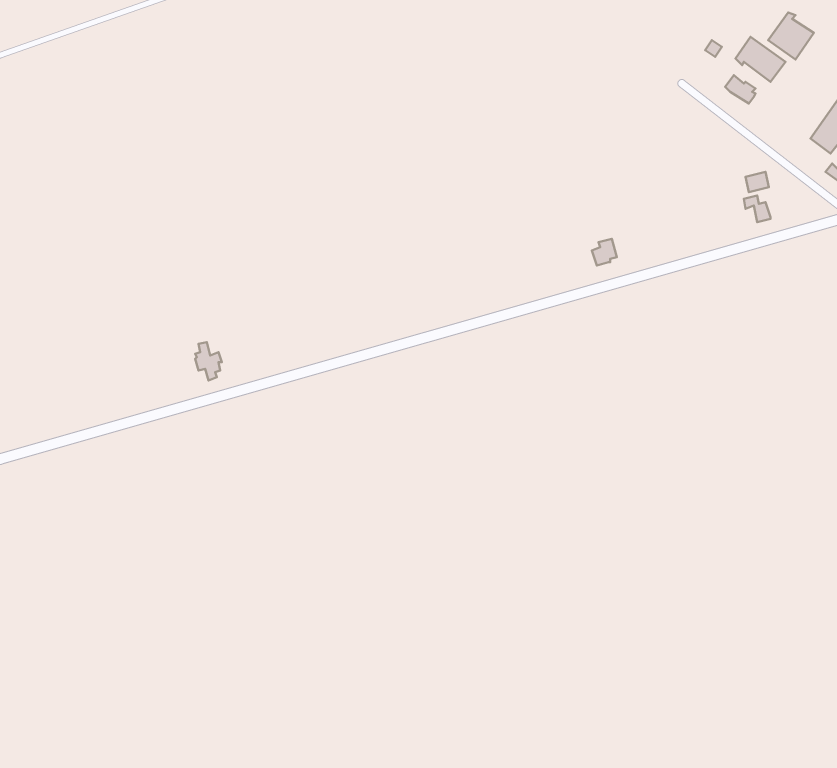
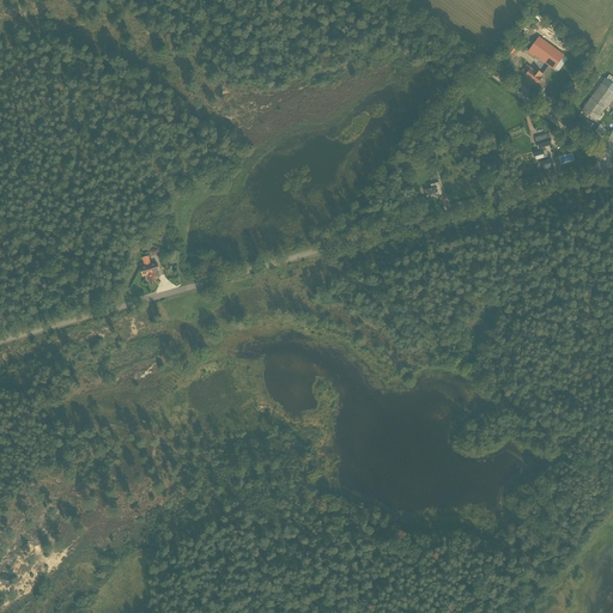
building: [768,13,814,60] -> none

